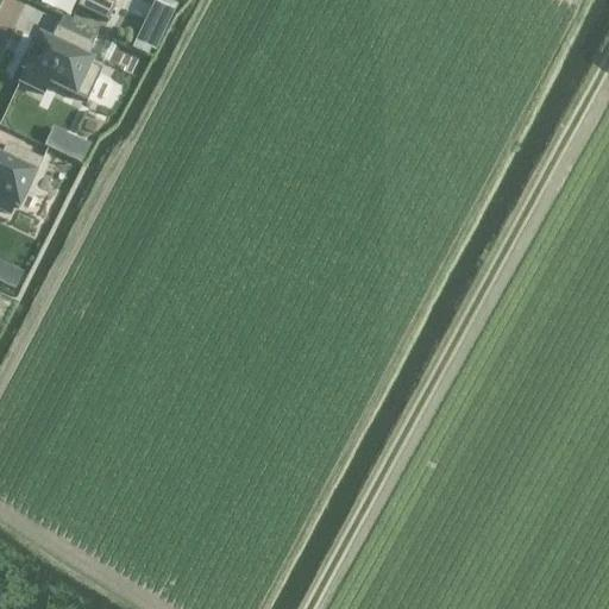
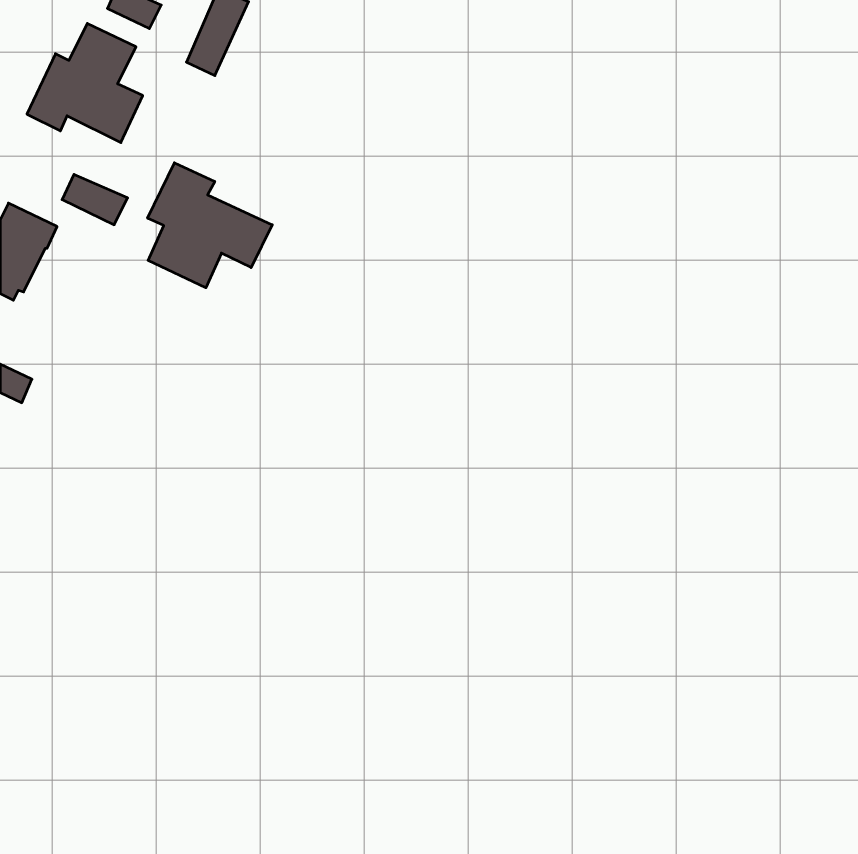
building: none -> [148,163,272,288]

